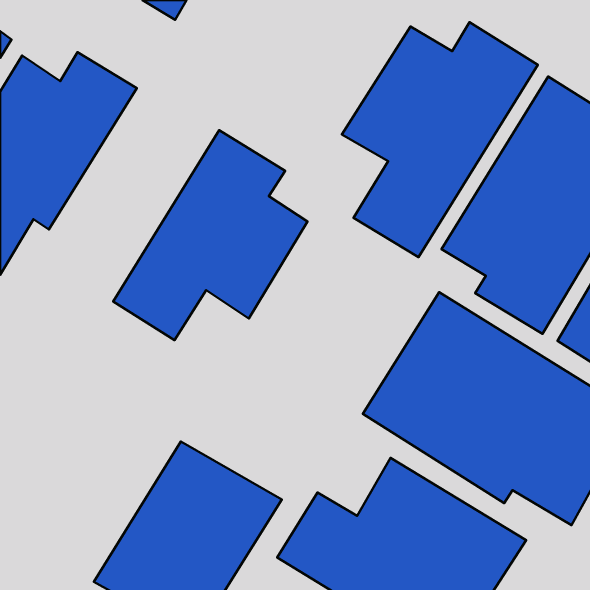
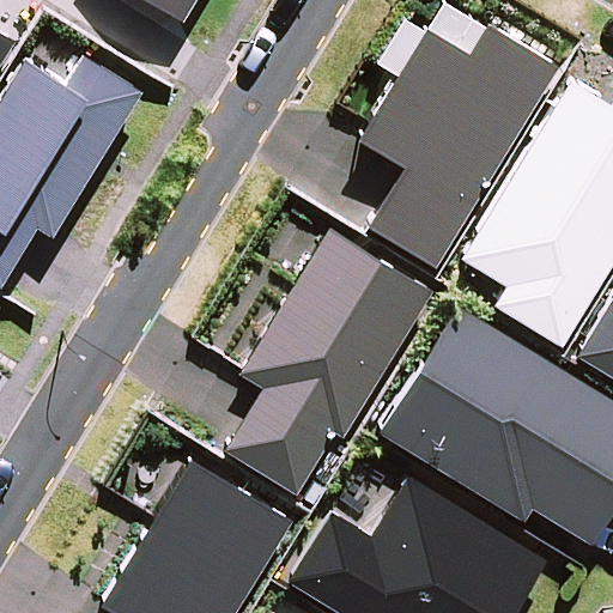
building: [113,130,308,340] -> none
building: none -> [225,229,433,494]

